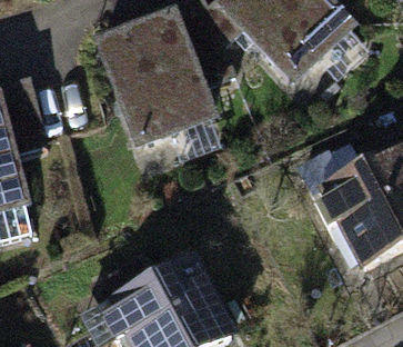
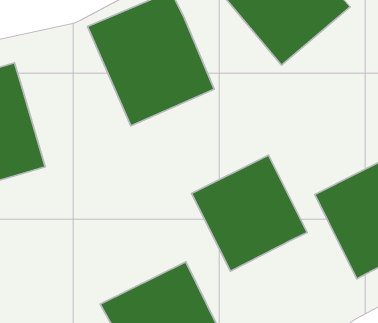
building: none -> [192,155,307,271]

